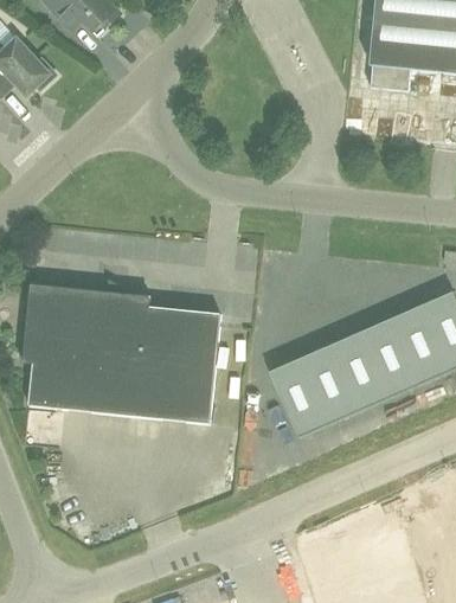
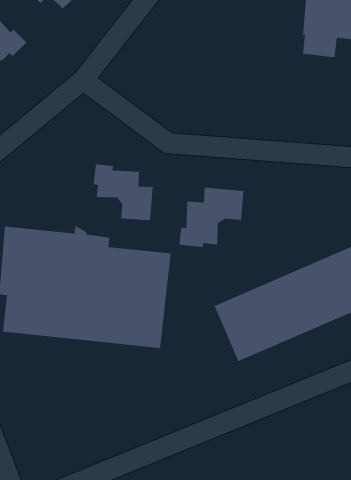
building: none -> [93,163,153,221]
building: none -> [179,187,244,248]

